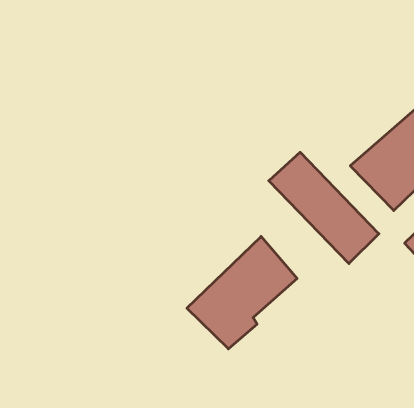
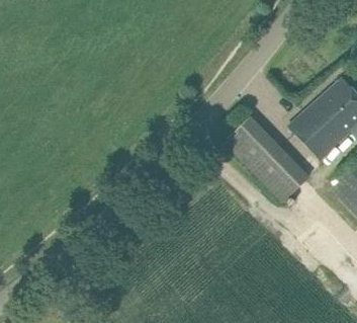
building: [187,236,297,349] -> none

